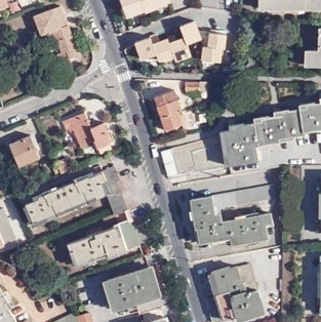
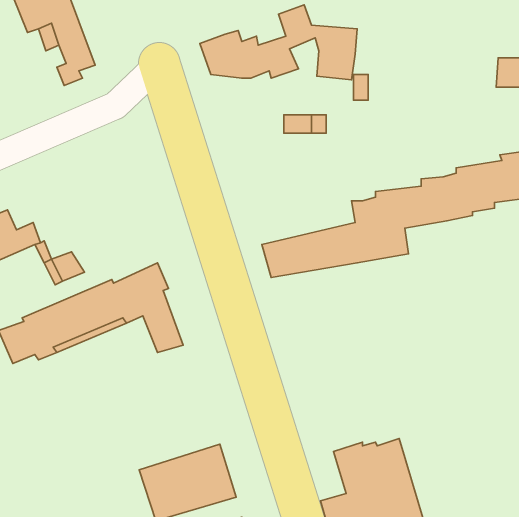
building: [154,89,183,127] -> none
building: [63,112,112,154] -> none
building: [190,186,274,245] -> none
building: [68,218,139,263] -> none

